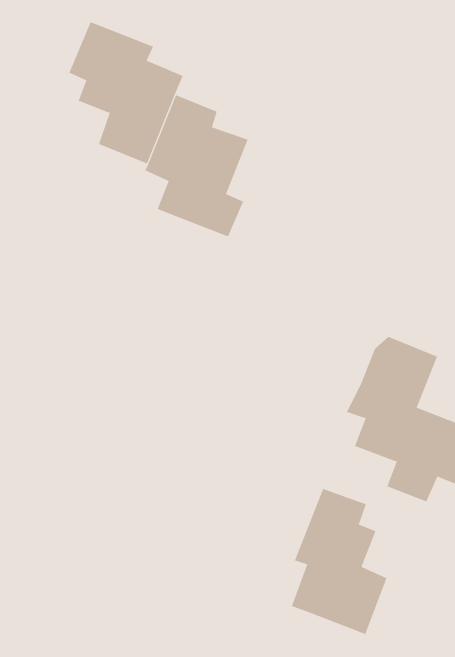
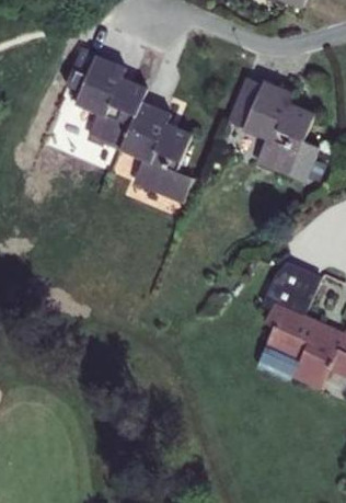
building: none -> [227,78,318,181]
building: [291,488,387,635] -> none

